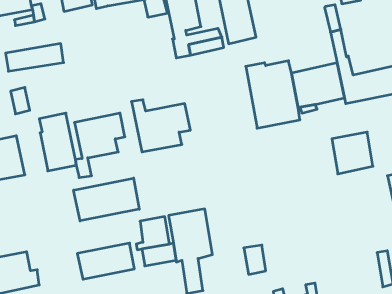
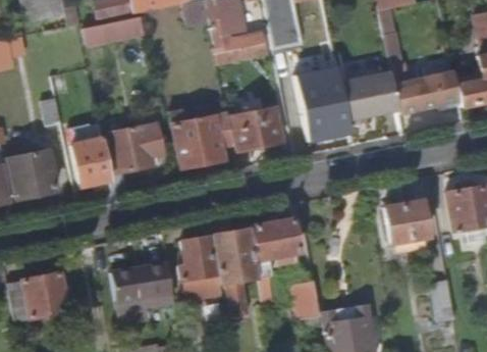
building: [6,44,64,71] -> [87,13,149,43]
building: none -> [234,109,284,152]
building: [332,132,373,174] -> [386,200,430,245]
building: [74,178,139,221] -> none
building: none -> [251,218,300,276]

